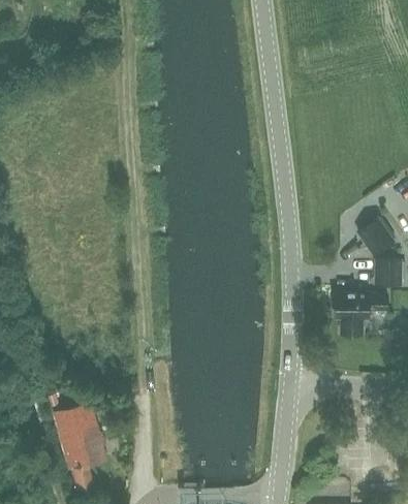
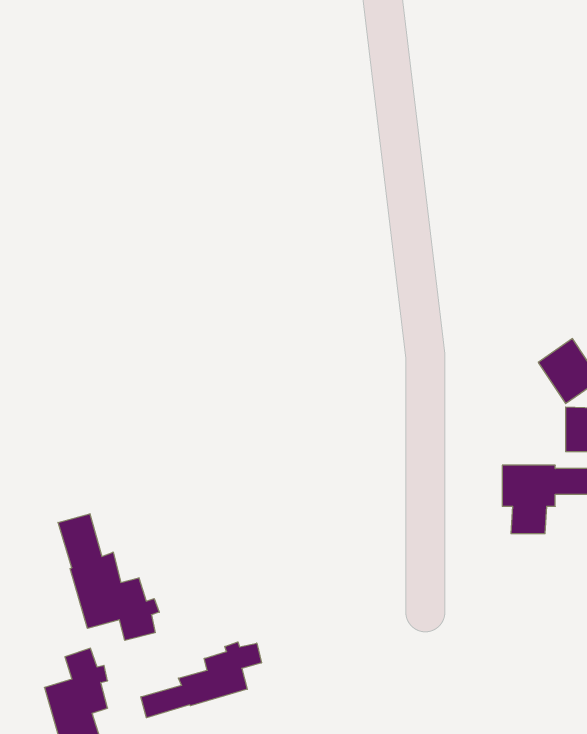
building: none -> [58,514,159,640]
building: none -> [141,642,261,718]

